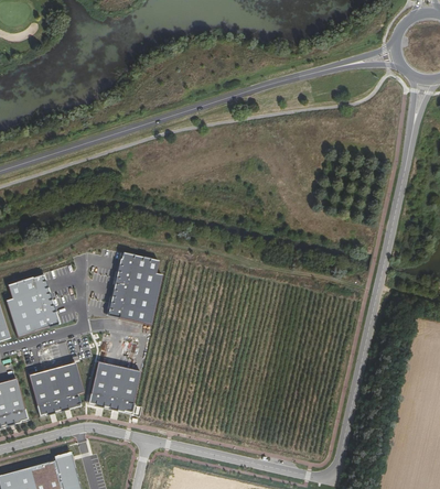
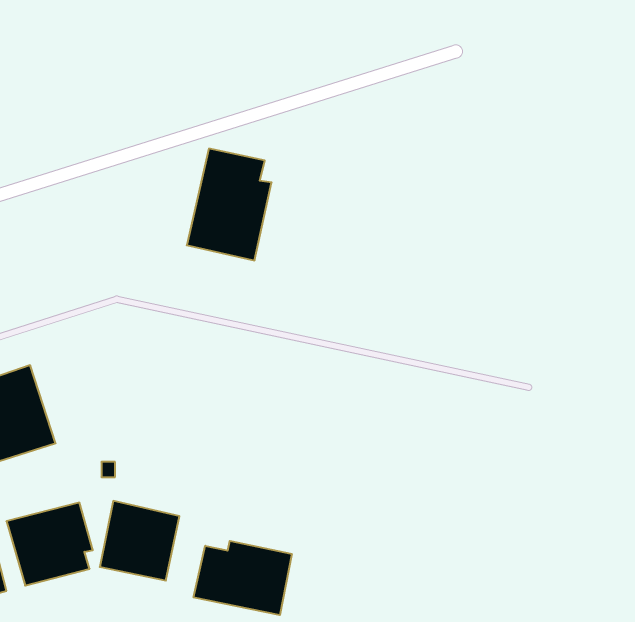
building: [107,252,162,325] -> [187,149,272,260]
building: none -> [194,541,292,615]

